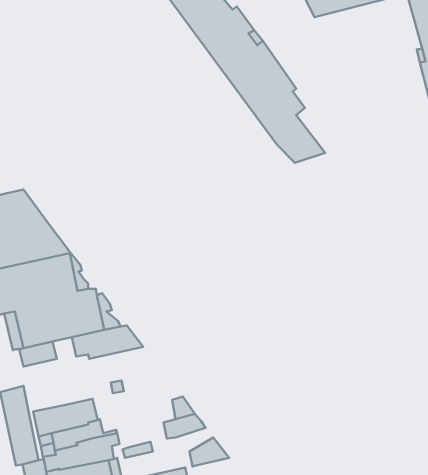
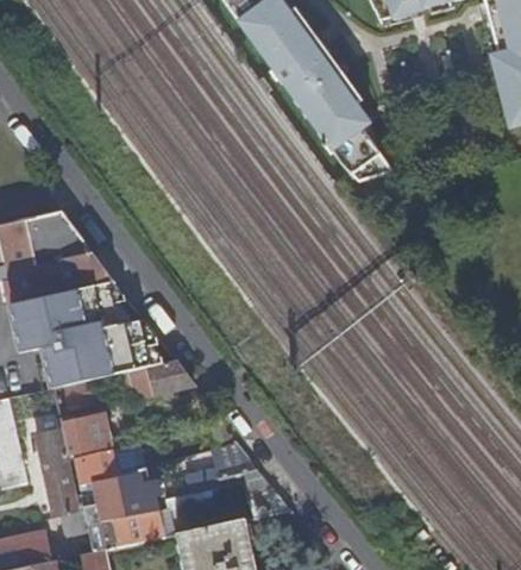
building: none -> [58,413,111,458]

